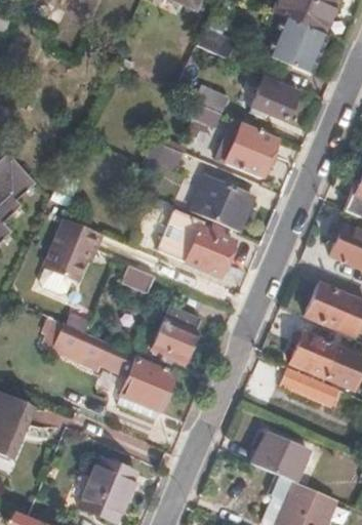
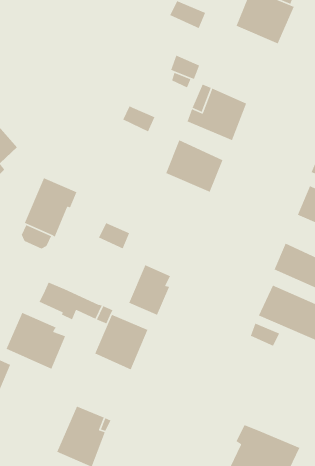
building: [251,75,298,119] -> none
building: [157,208,251,284] -> none
building: none -> [5,312,66,370]
building: [249,428,309,482] -> none

